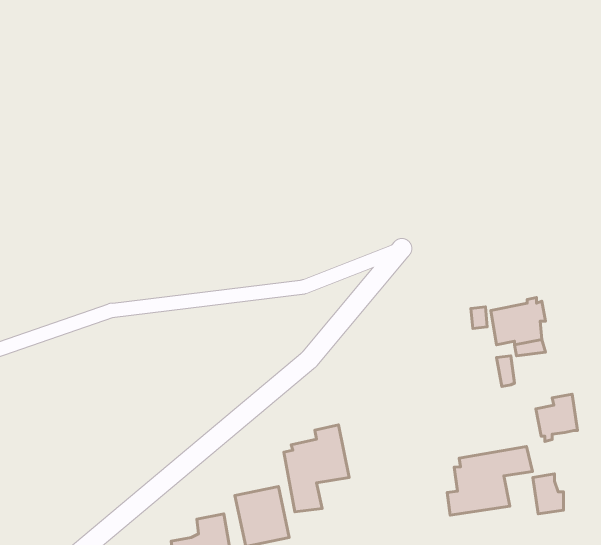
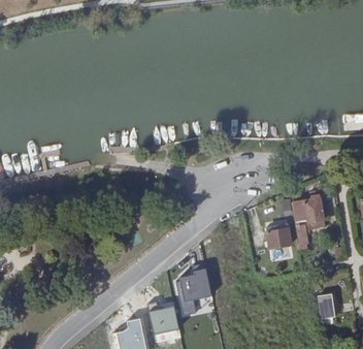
building: [536,394,577,441] -> [266,223,290,250]
building: [447,447,533,515] -> none

